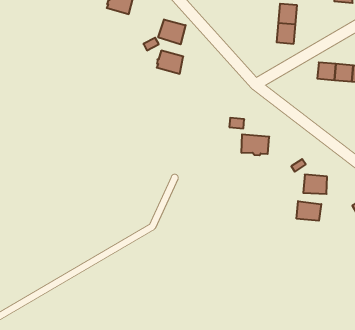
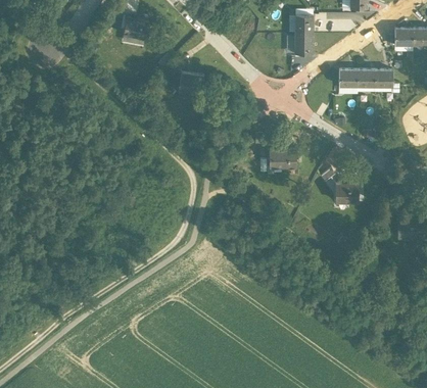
building: [158,19,186,44] -> none
building: [297,201,321,221] -> none

